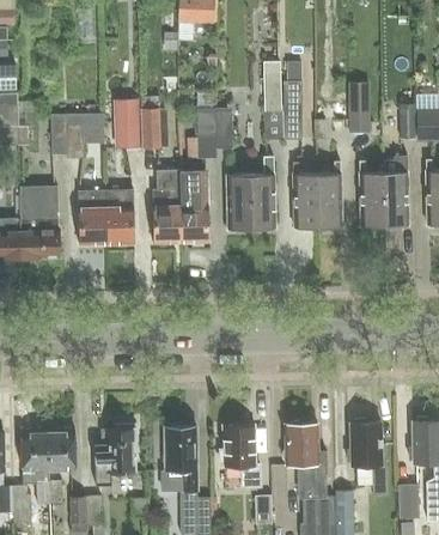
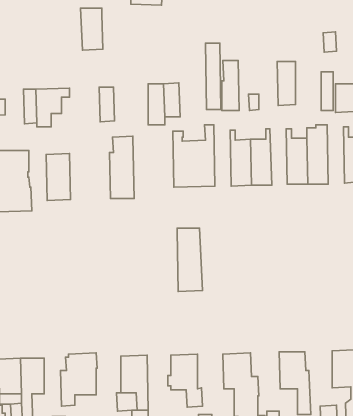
building: [114,99,140,148] -> [80,8,103,50]
building: [179,169,209,243] -> [177,228,203,292]
building: [105,190,134,244] -> none

